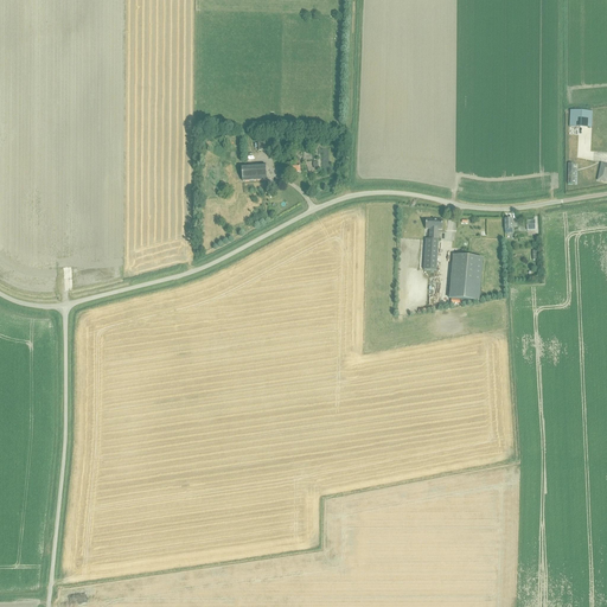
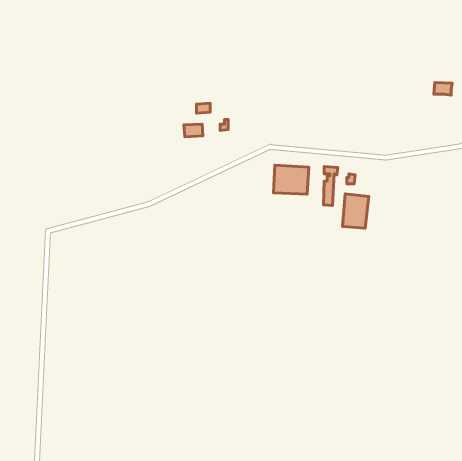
building: none -> [274,165,309,194]

